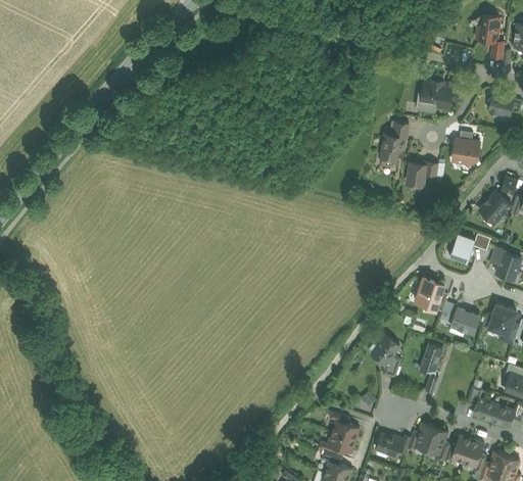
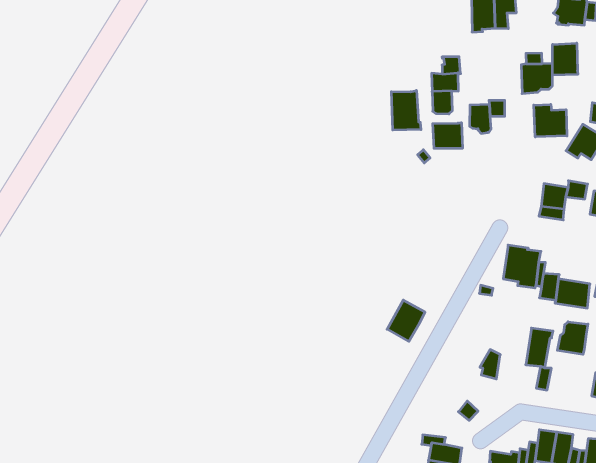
building: none -> [553,43,578,75]
building: none -> [391,90,421,130]
building: none -> [534,104,567,137]
building: none -> [433,123,462,148]
building: [369,334,400,367] -> [387,300,425,341]
building: none -> [557,322,588,354]

